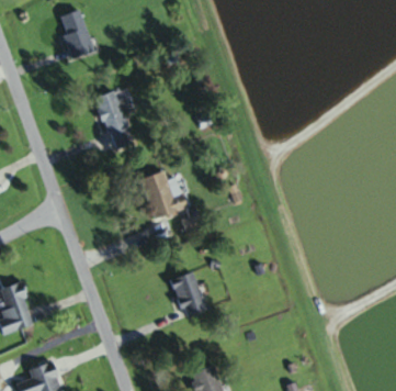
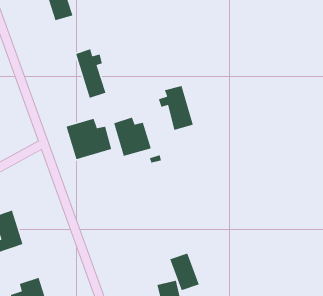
building: none -> [158,85,194,131]
building: none -> [66,118,112,160]
building: [170,272,206,319] -> [169,252,200,291]

